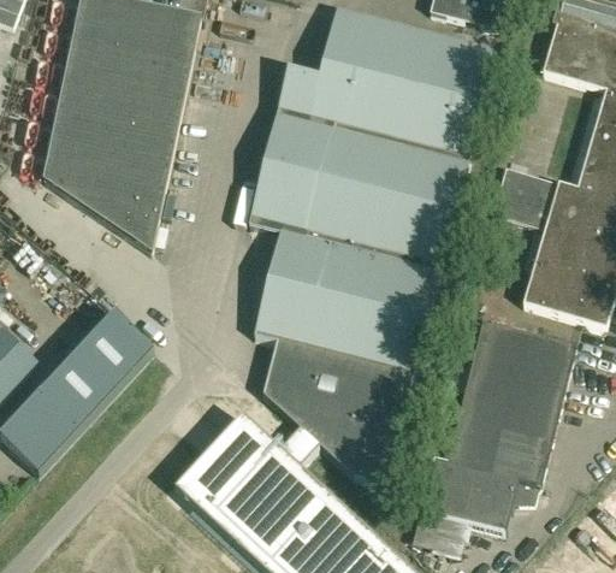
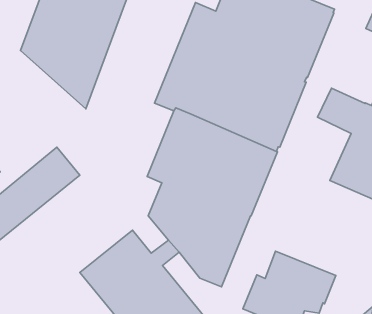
building: [458,320,576,439] -> none

